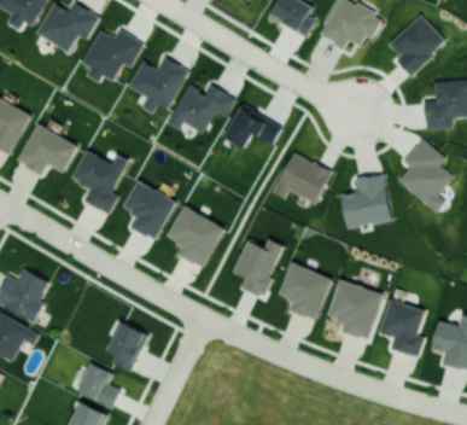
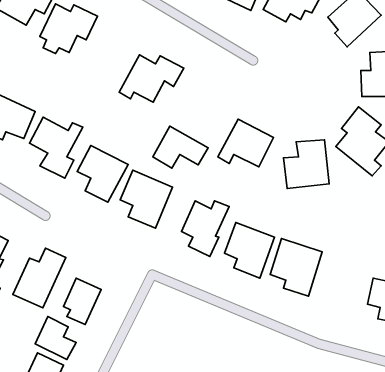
building: [128,57,188,113] -> none
building: [223,104,282,149] -> [153,126,208,168]
building: none -> [13,248,66,308]
building: [379,299,425,357] -> none

